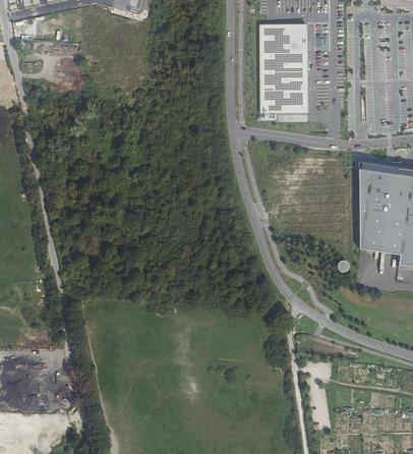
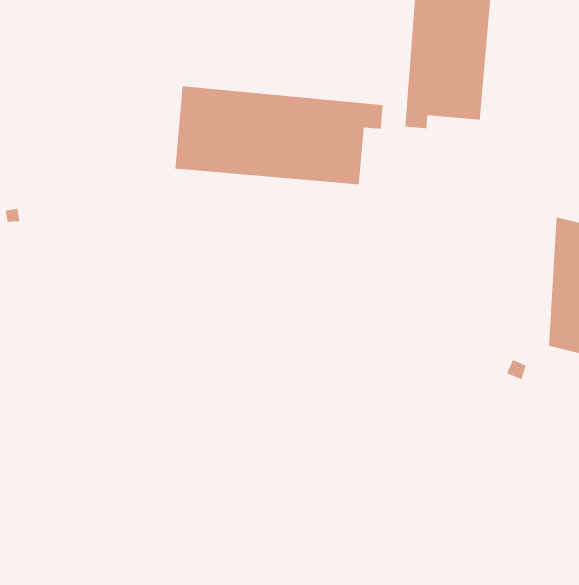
building: none -> [175,85,383,185]

